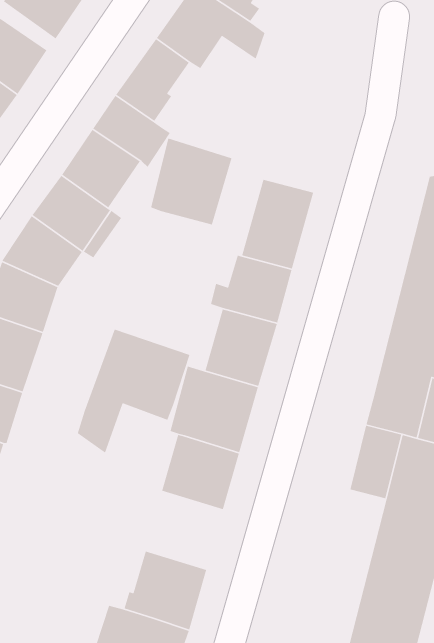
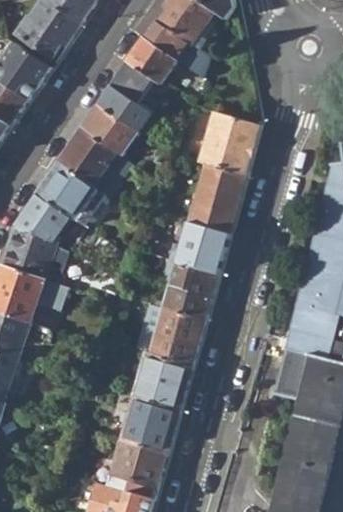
building: [150,138,233,225] -> [199,110,260,175]
building: [77,328,191,454] -> none
building: none -> [120,396,178,454]

